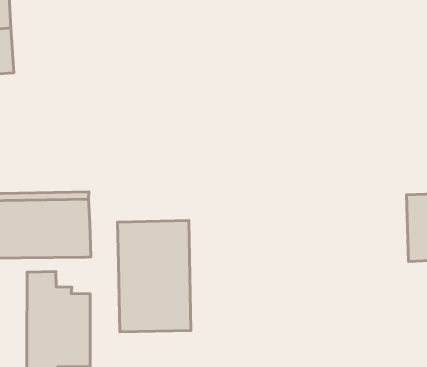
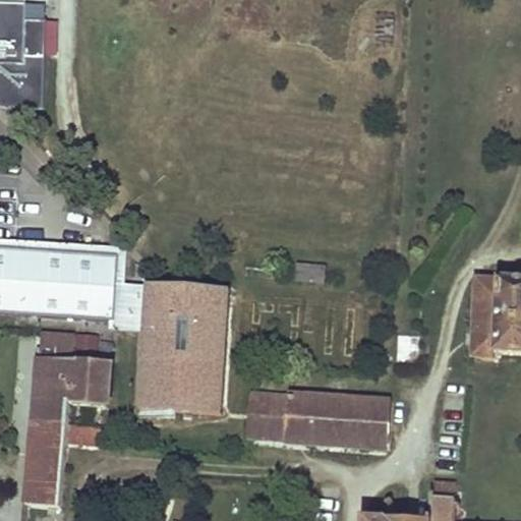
building: none -> [108,281,147,329]
building: none -> [245,390,389,445]

